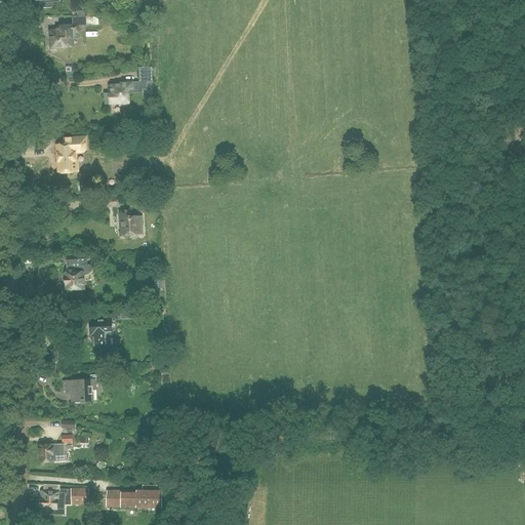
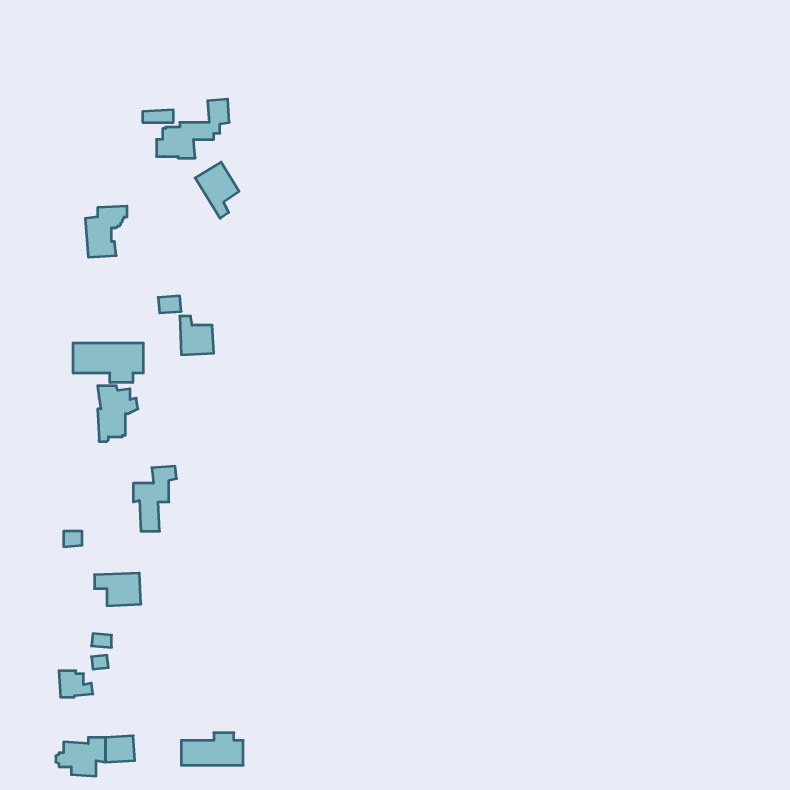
building: [48,24,79,53] -> none
building: none -> [195,162,239,218]
building: none -> [73,343,143,383]

